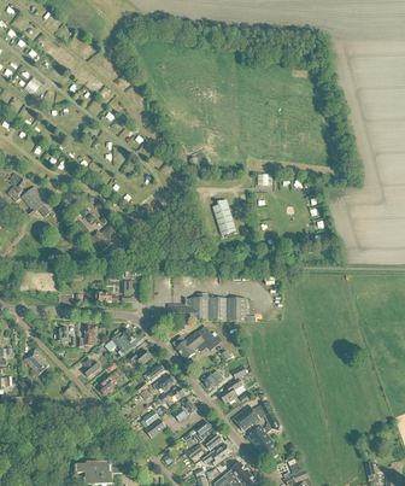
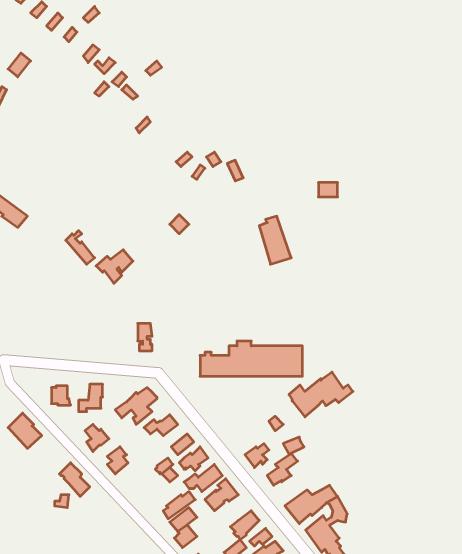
building: [172,326,221,359] -> [289,372,353,417]

